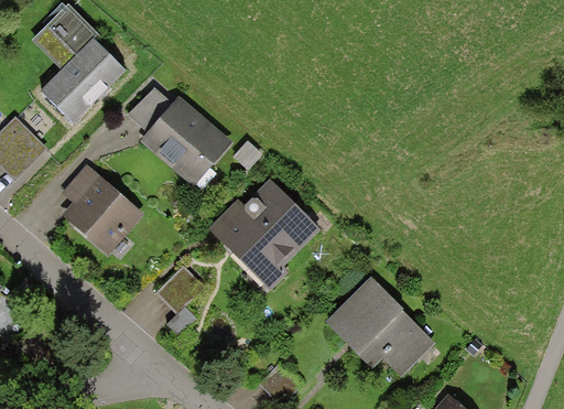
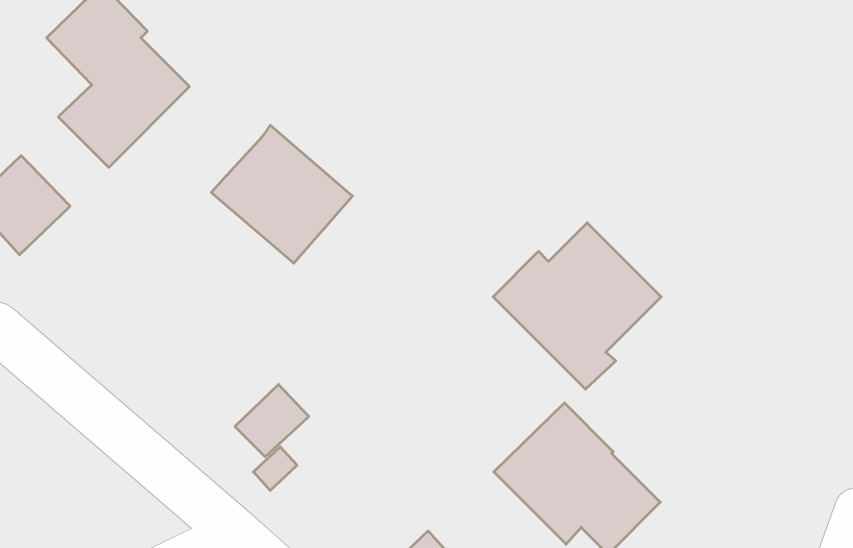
building: [129,85,173,130] -> none
building: [61,164,143,255] -> none
building: [208,180,318,289] -> [493,223,661,389]

